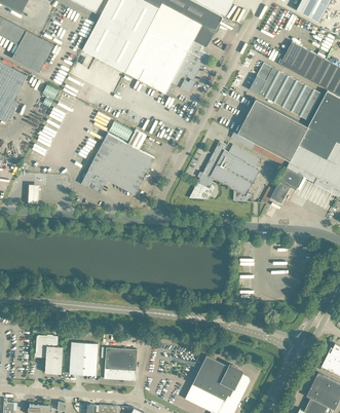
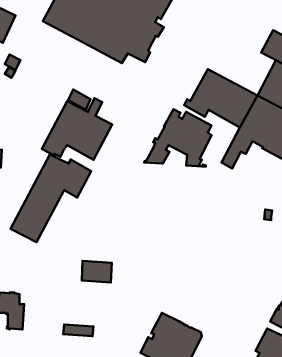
building: [279,41,324,82] -> none
building: [249,63,320,120] -> none
building: none -> [11,155,91,242]
building: [68,342,97,376] -> none
building: [104,348,136,371] -> [82,261,112,282]

